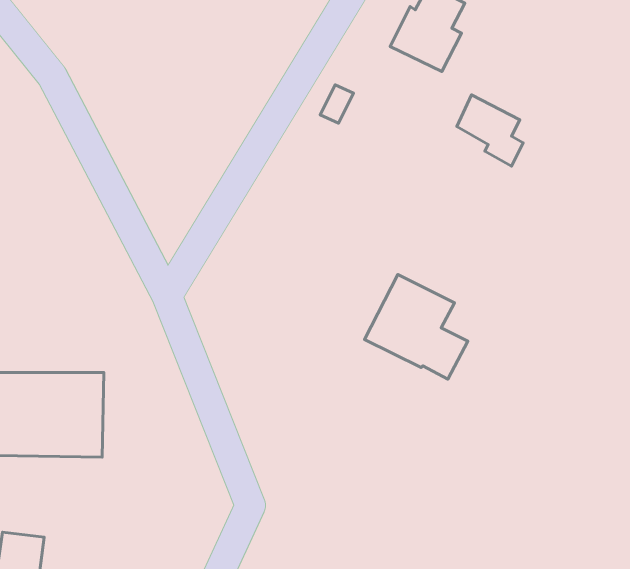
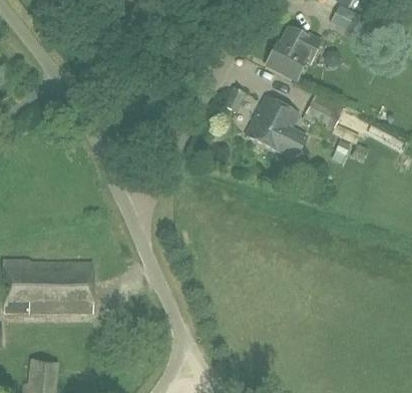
building: [365,275,468,379] -> [245,95,307,158]

